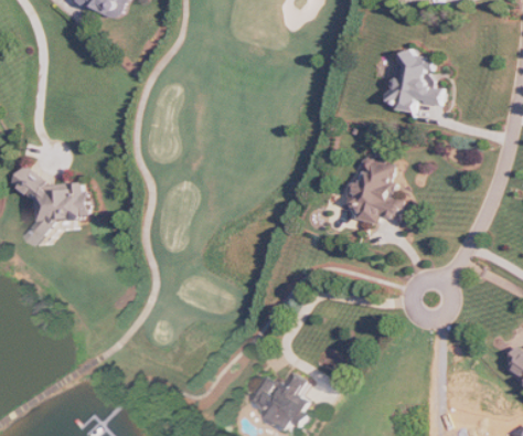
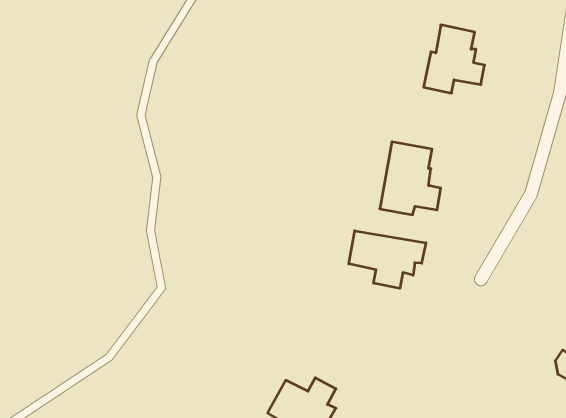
building: [11,164,88,246] -> none
building: none -> [349,231,426,288]

